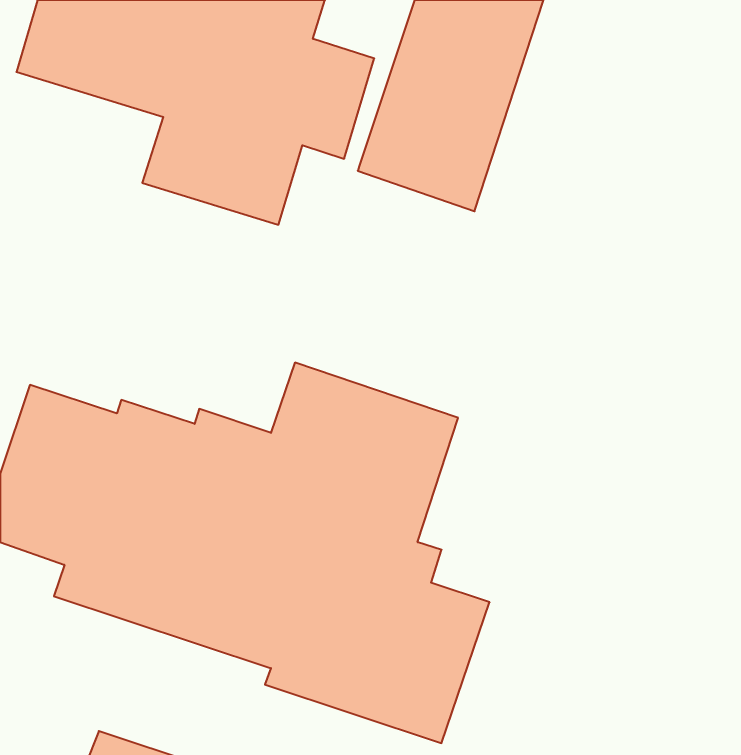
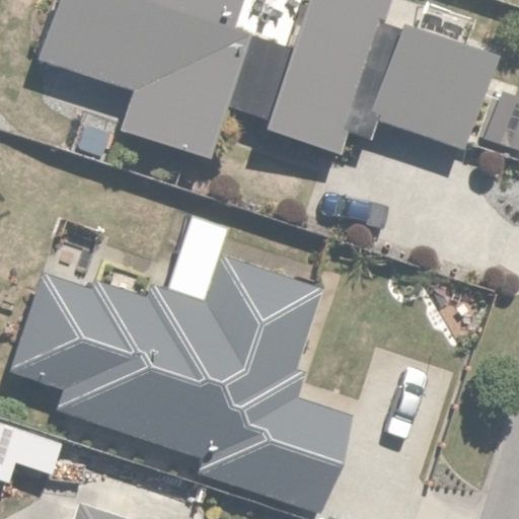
building: none -> [369,13,502,147]

